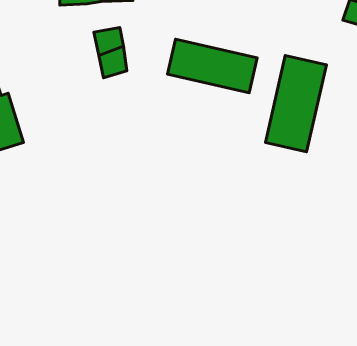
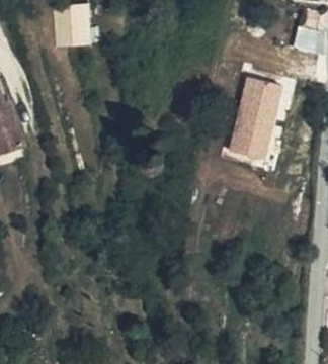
building: [168,39,257,93] -> none

